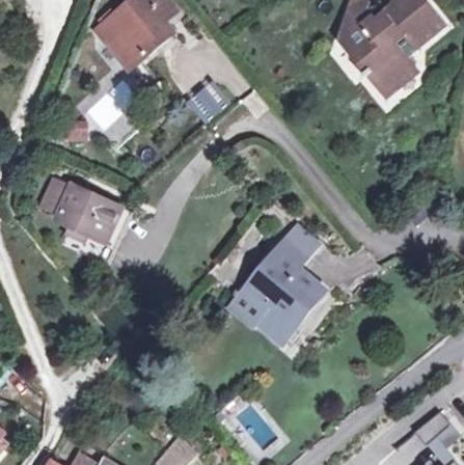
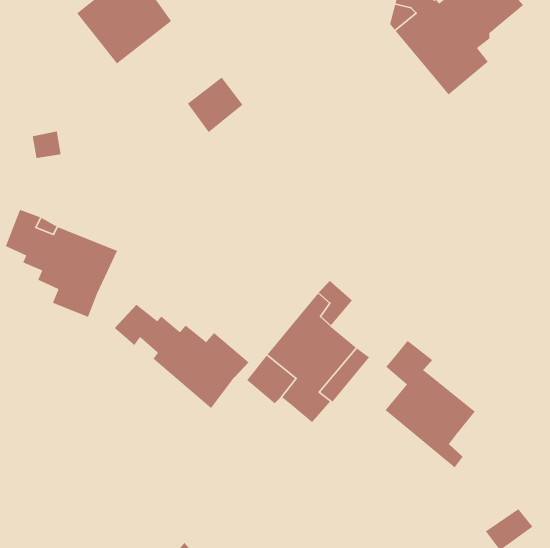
building: none -> [114,304,249,409]
building: none -> [384,340,476,468]

